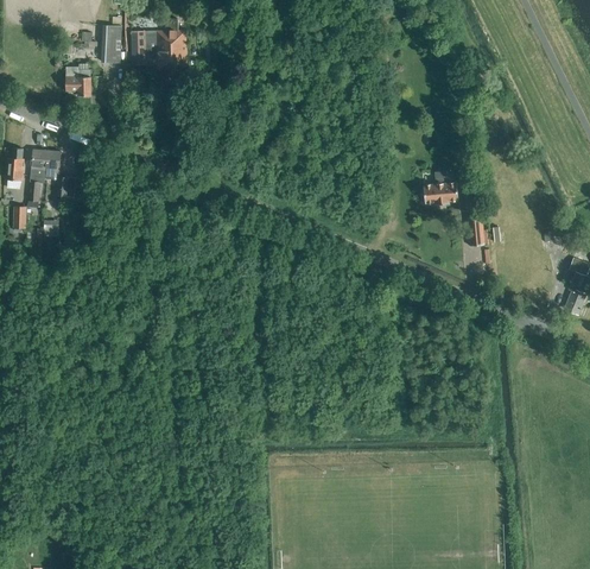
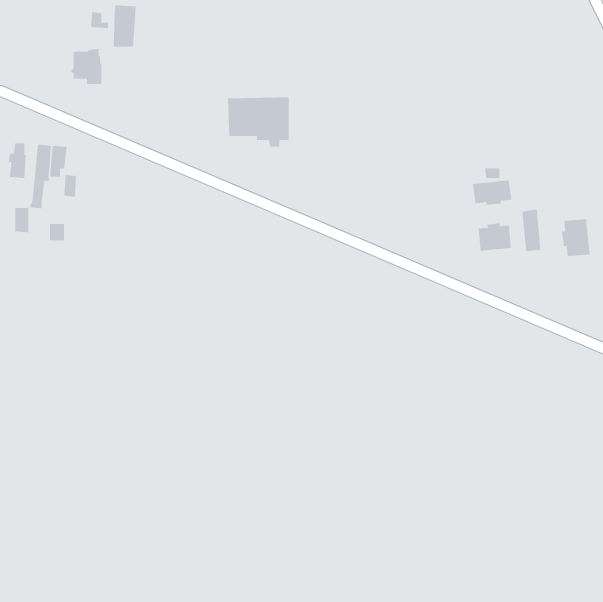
building: [131,30,186,75] -> [227,97,289,147]
building: none -> [562,219,590,257]
building: none -> [478,223,511,251]

